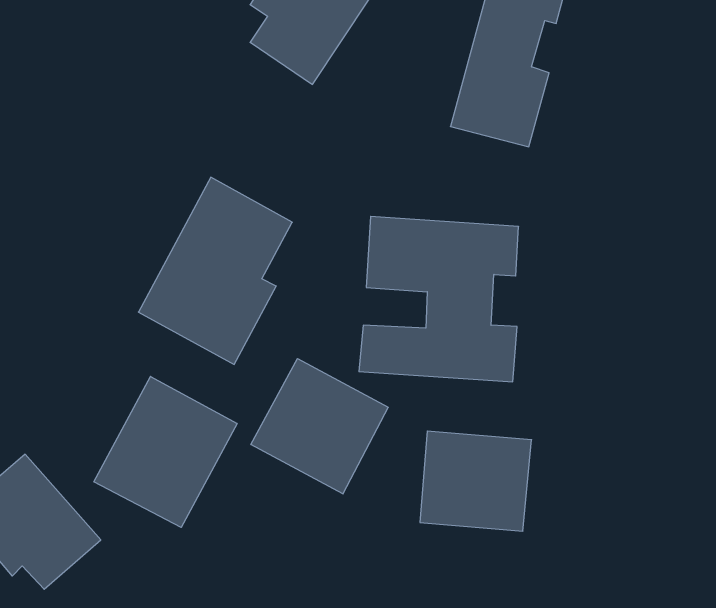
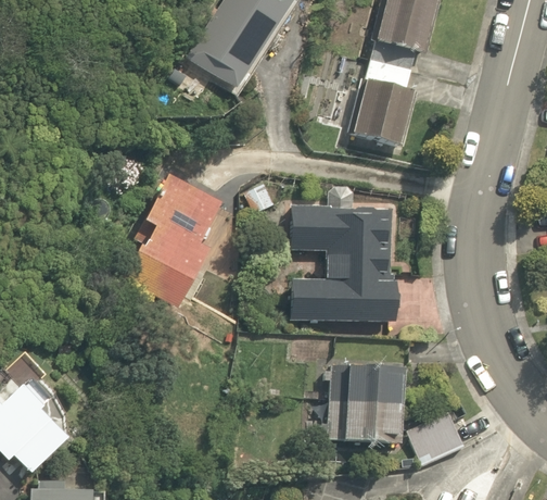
building: [251,359,388,494] -> none
building: [94,376,237,527] -> none
building: none -> [407,408,470,459]

